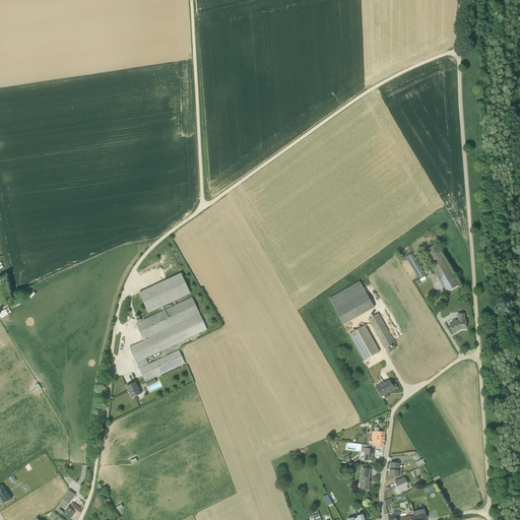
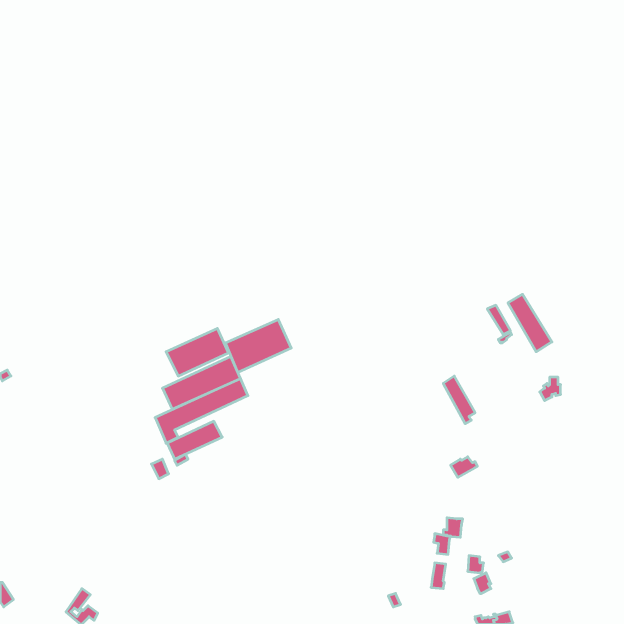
building: none -> [226,319,291,372]
building: [328,281,375,325] -> none
building: [348,325,380,361] -> none

